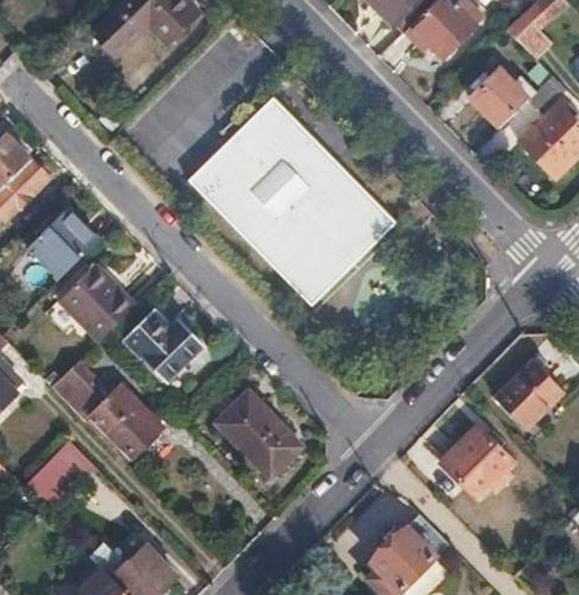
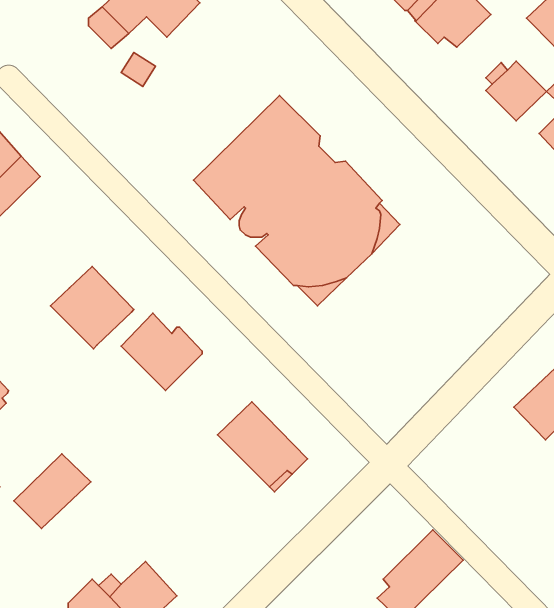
building: [26,207,100,280] -> none
building: [50,361,161,463] -> none
building: [443,427,514,496] -> none

